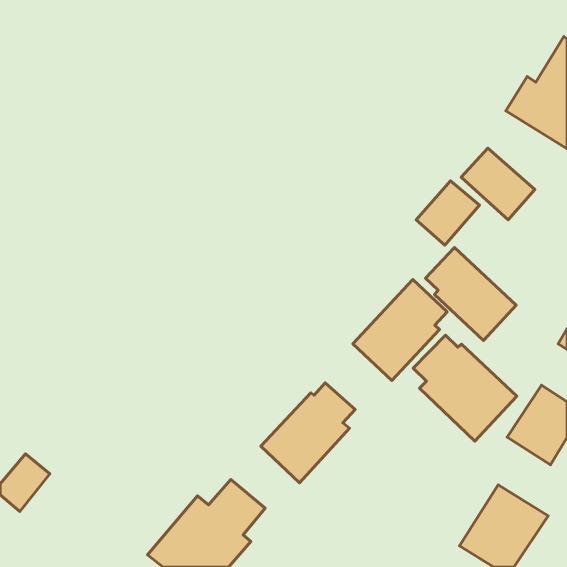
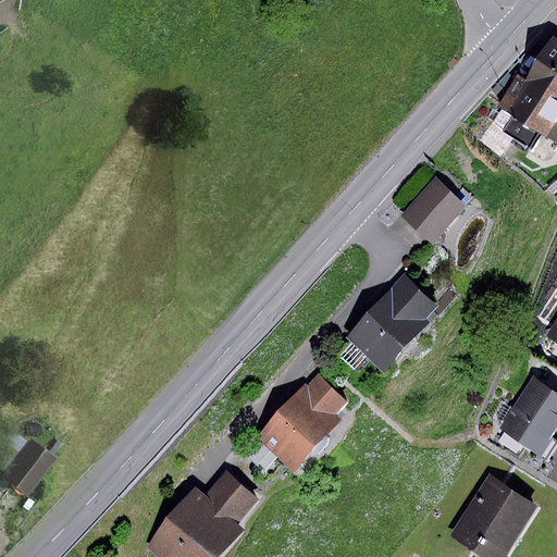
building: [461,148,535,220] -> none
building: [426,247,516,340] -> none
building: [413,335,517,441] -> none

